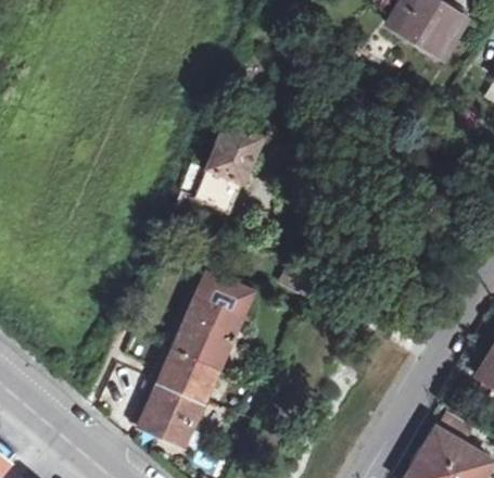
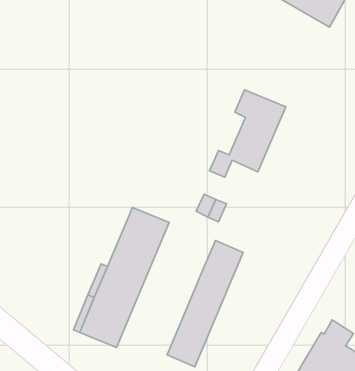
building: [170,120,263,226] -> [210,90,286,177]
building: none -> [167,241,243,367]

